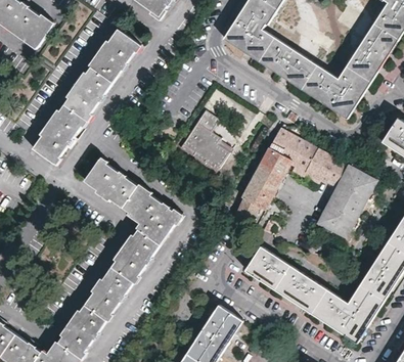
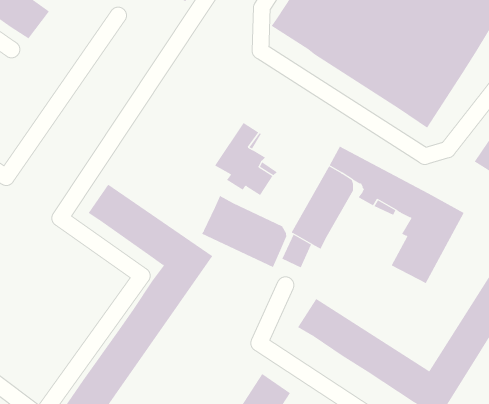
building: [31,29,139,164] -> none
building: none -> [202,195,287,268]

